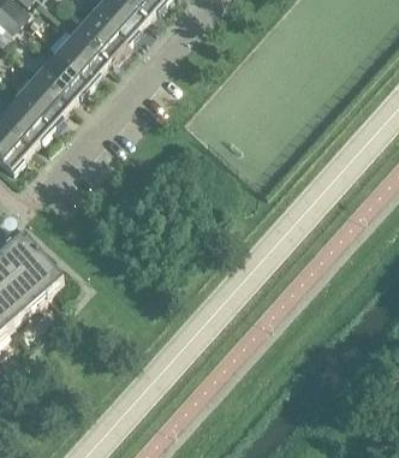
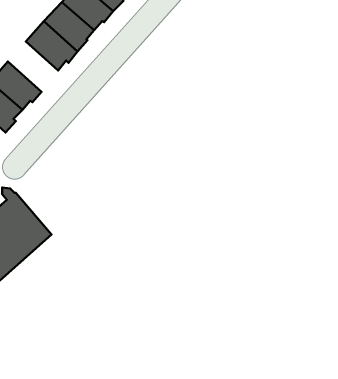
building: [16,75,71,129] -> none

